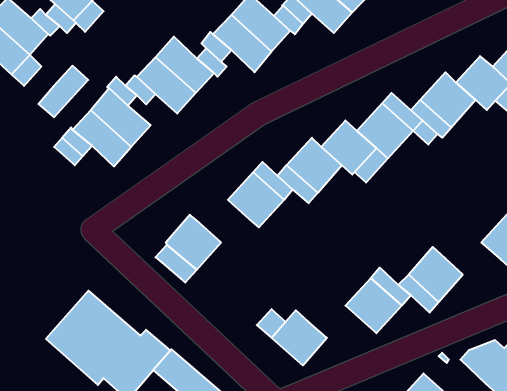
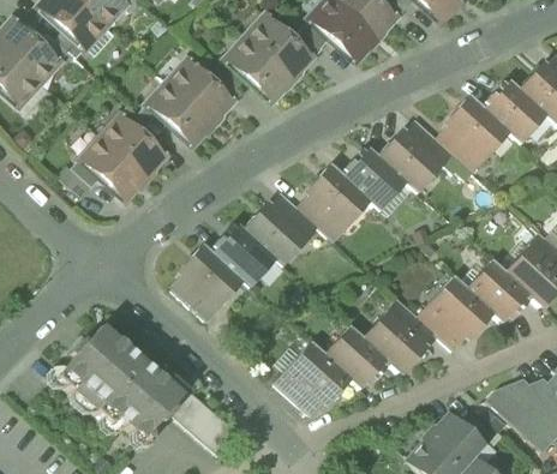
building: [38,66,88,117] -> none
building: none -> [212,226,270,282]
building: none -> [472,264,529,322]
building: none -> [329,331,388,388]
building: none -> [277,376,323,419]

